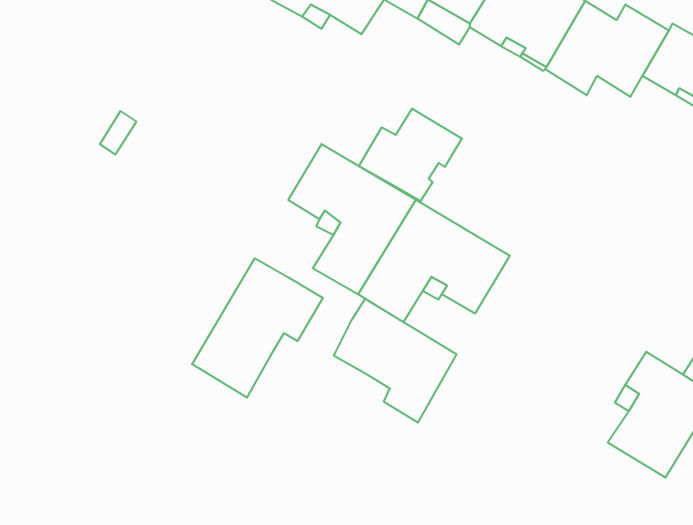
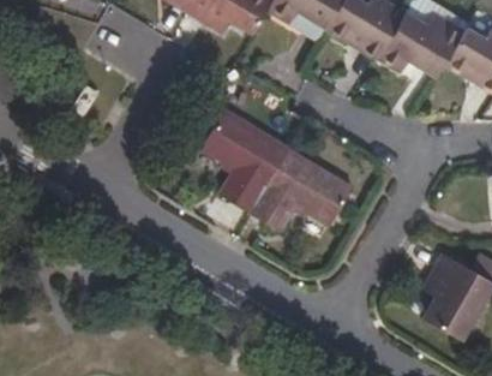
building: [359,108,462,201] -> none
building: [192,258,323,398] -> none
building: [334,299,456,423] -> none

